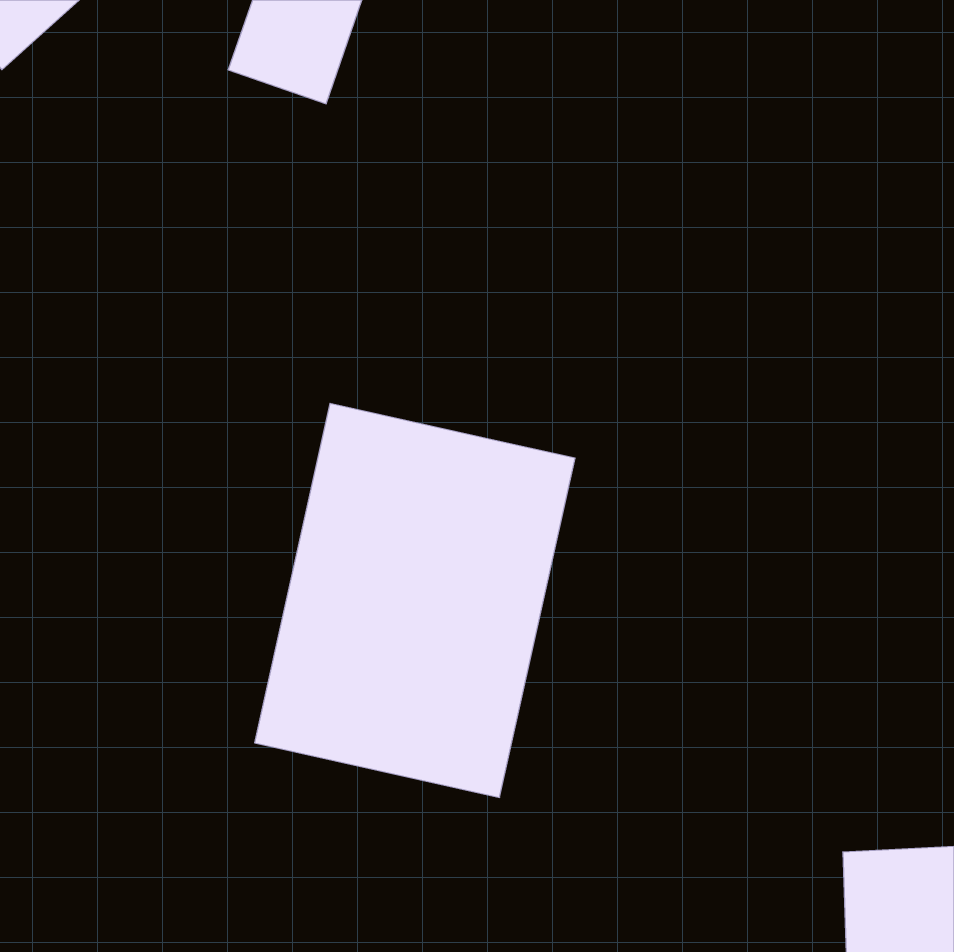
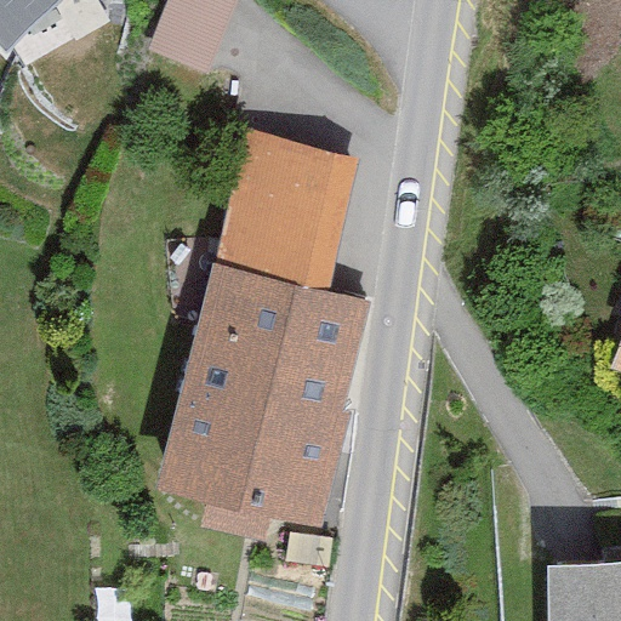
building: none -> [212,135,357,292]

